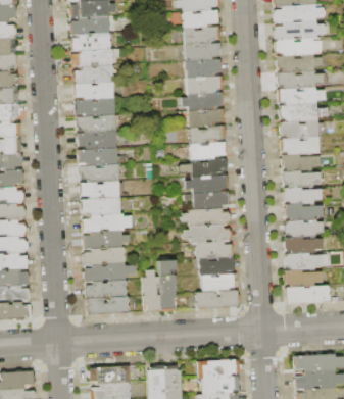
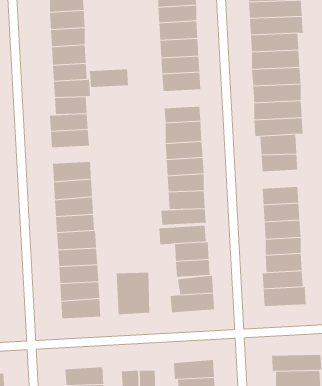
building: [187,93,226,111] -> [89,69,129,87]
building: [78,148,116,165] -> none
building: [284,171,320,190] -> none

